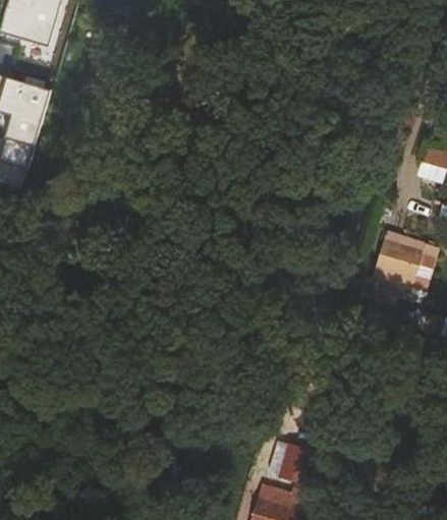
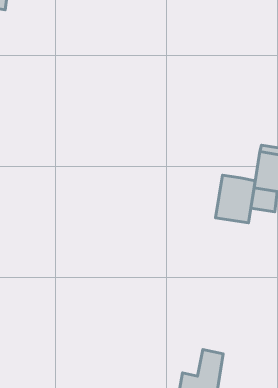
building: none -> [215,175,255,223]

